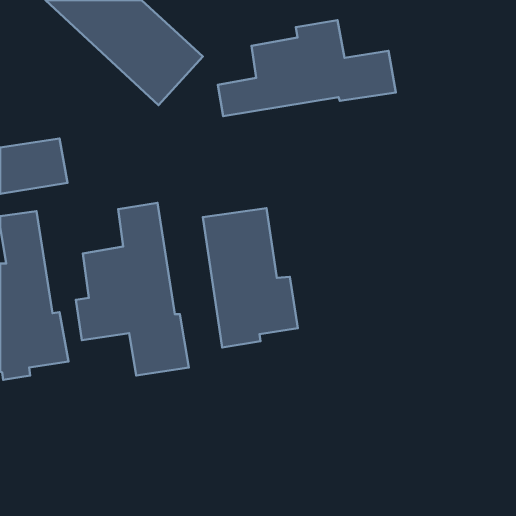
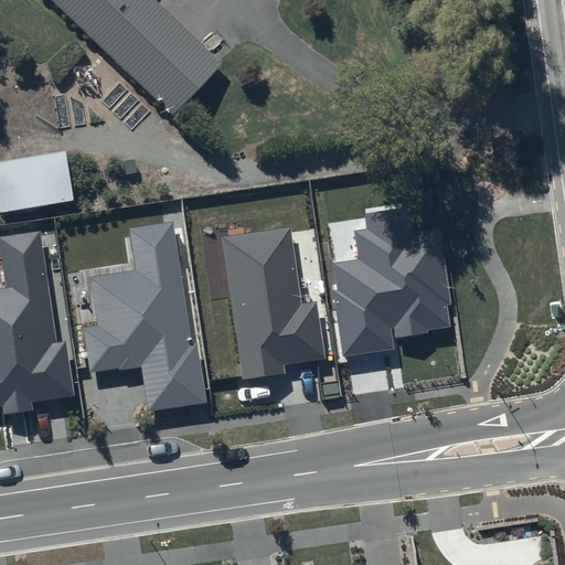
building: [218,20,396,116] -> none
building: none -> [333,207,452,358]

